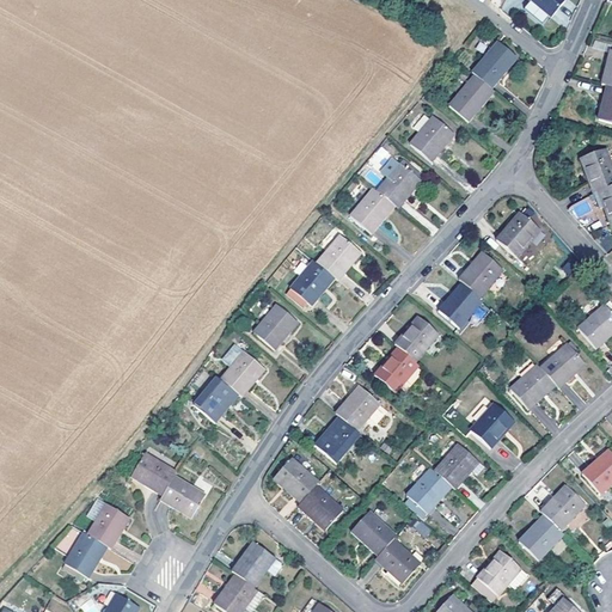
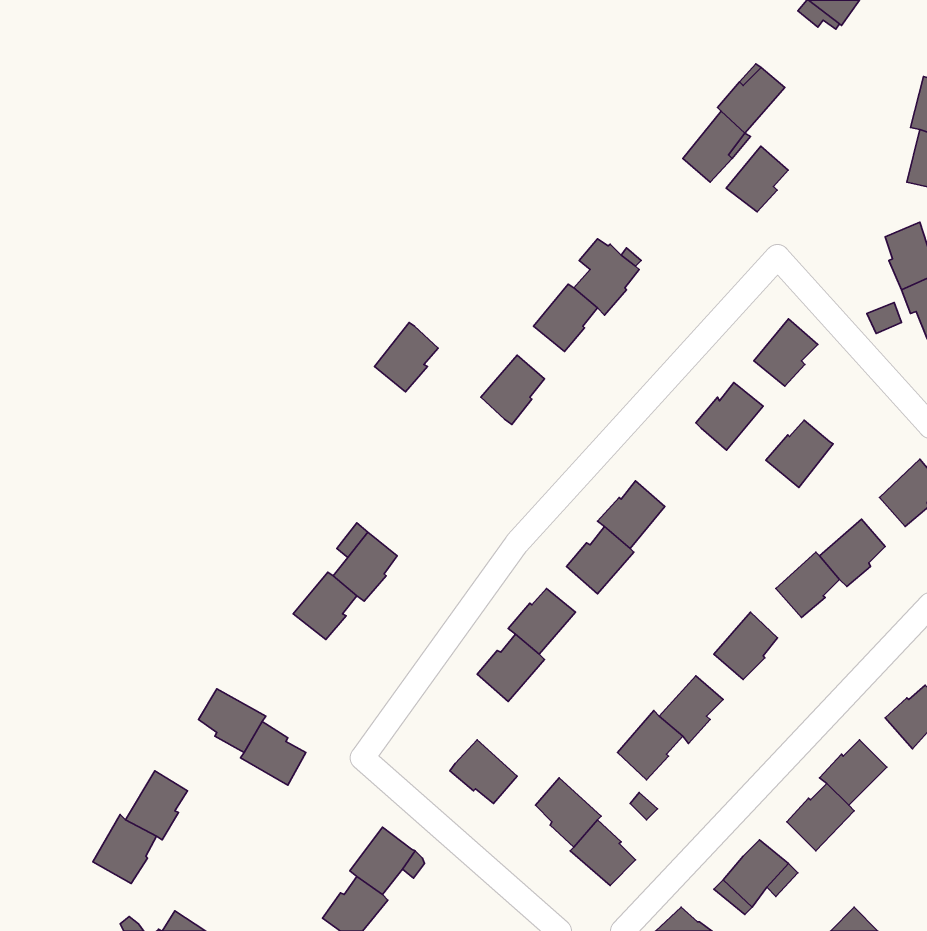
building: [411,114,452,157] -> [726,146,788,212]
building: [292,258,333,304] -> [375,323,438,392]
building: [437,281,482,325] -> [766,420,833,488]
building: [255,302,295,348] -> none
building: [275,458,319,501] -> none

